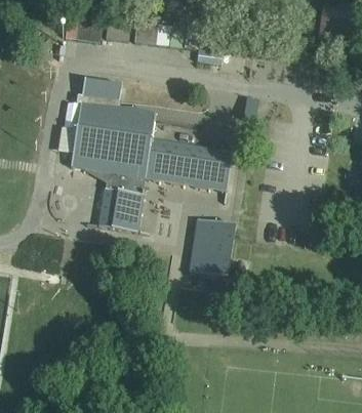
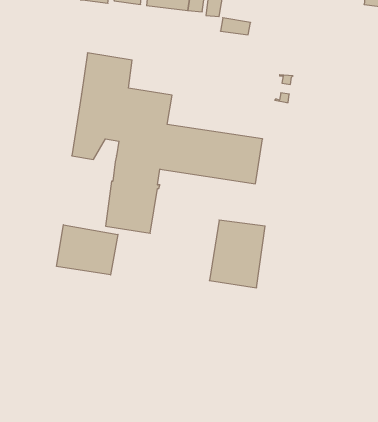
building: none -> [57,225,118,275]

